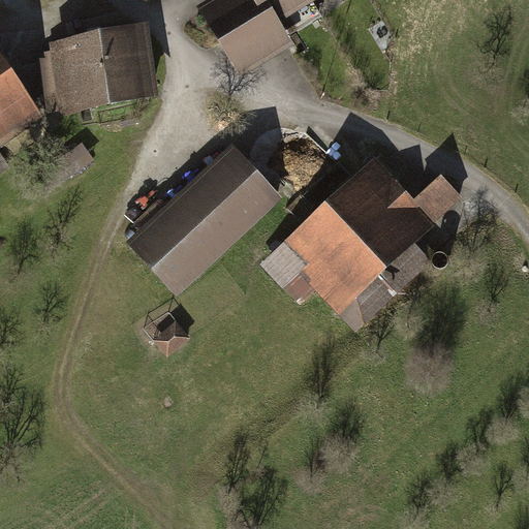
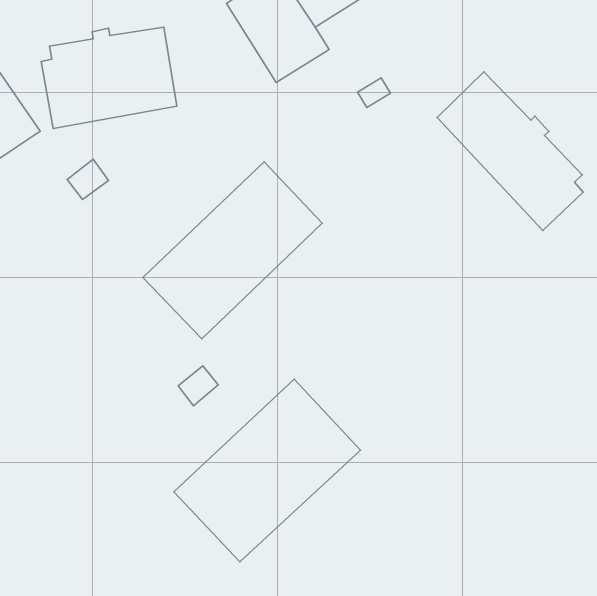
building: none -> [437,72,583,230]
building: [260,157,465,332] -> none
building: none -> [174,379,360,562]

